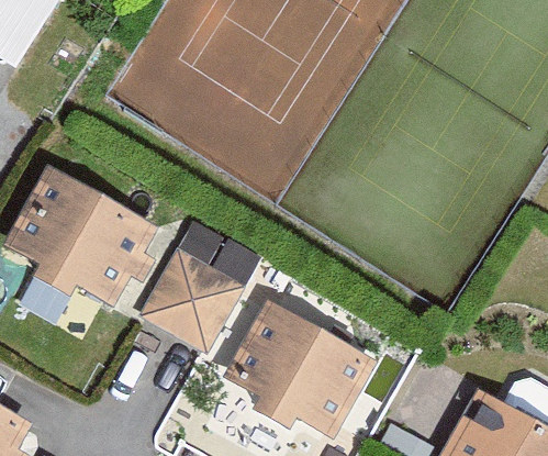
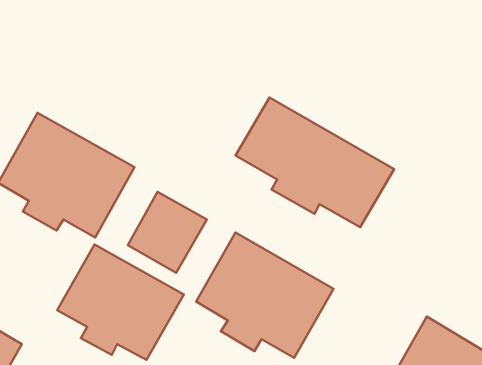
building: none -> [236,97,394,227]
building: none -> [57,244,184,360]

